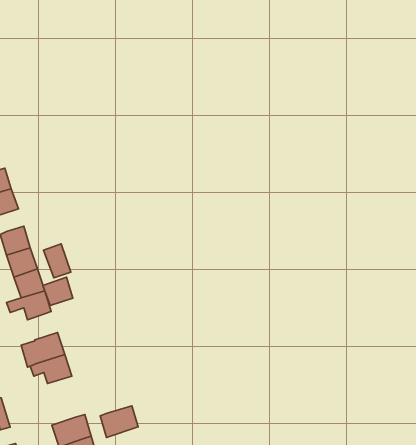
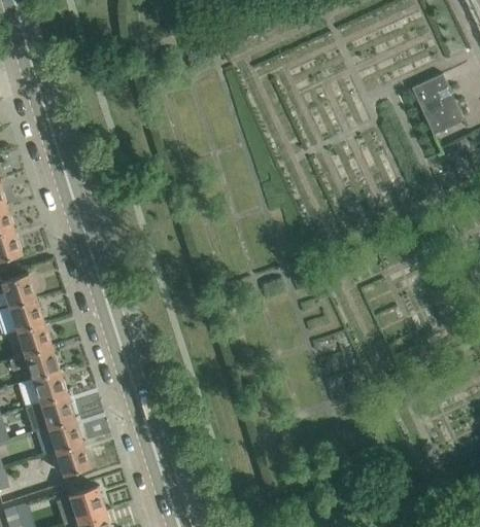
building: none -> [410,74,464,136]
building: [43,244,71,278] -> none
building: [43,277,73,305] -> [32,371,66,402]
building: [100,406,138,438] -> [46,444,90,480]

